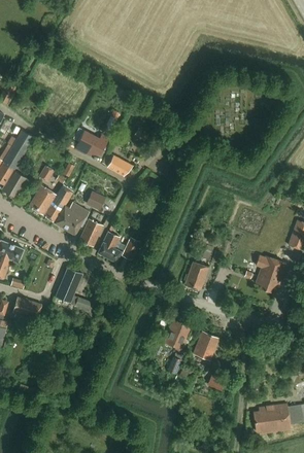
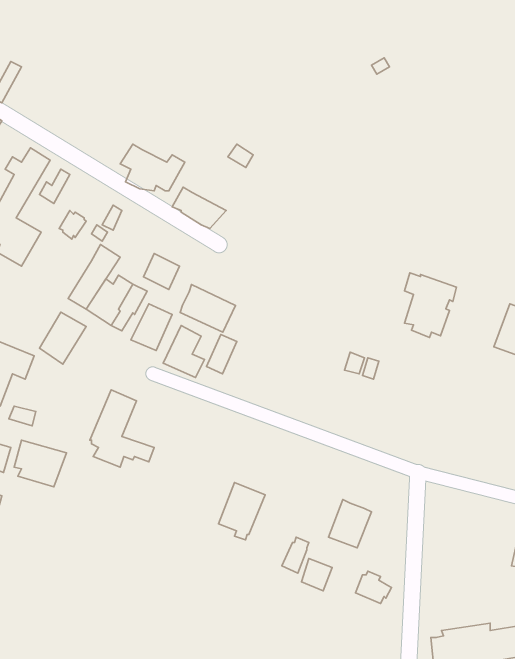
building: [29,186,56,216] -> [39,312,86,364]
building: none -> [180,284,236,332]
building: [255,254,284,291] -> [404,273,457,337]
building: [182,260,208,290] -> none
building: [164,319,191,352] -> [218,482,265,540]

